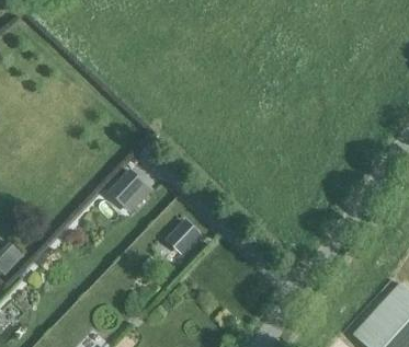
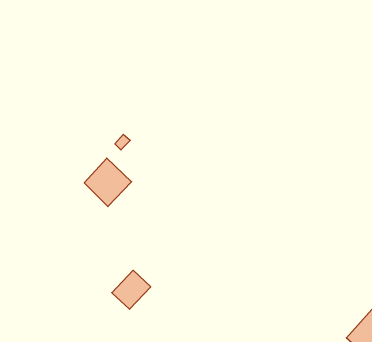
building: [167,218,203,254] -> [112,270,151,309]

